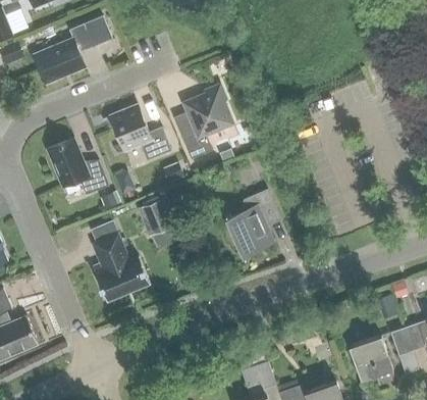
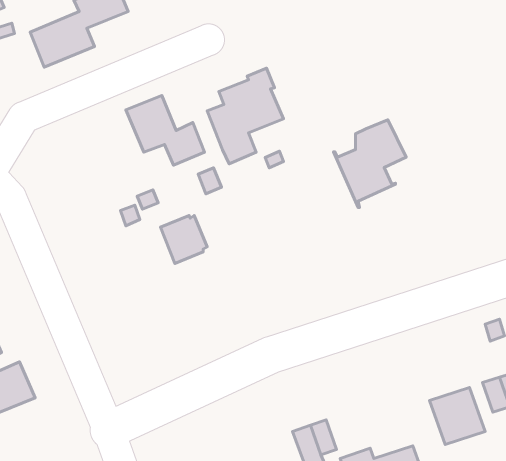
building: [47,138,108,195] -> none
building: [225,189,282,258] -> [334,120,406,208]
building: [92,233,150,302] -> none

